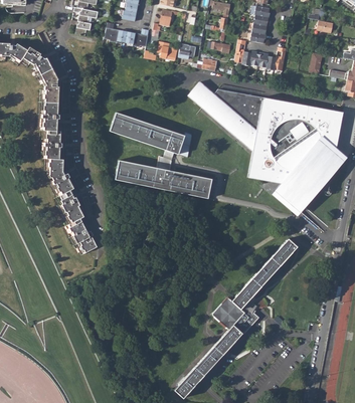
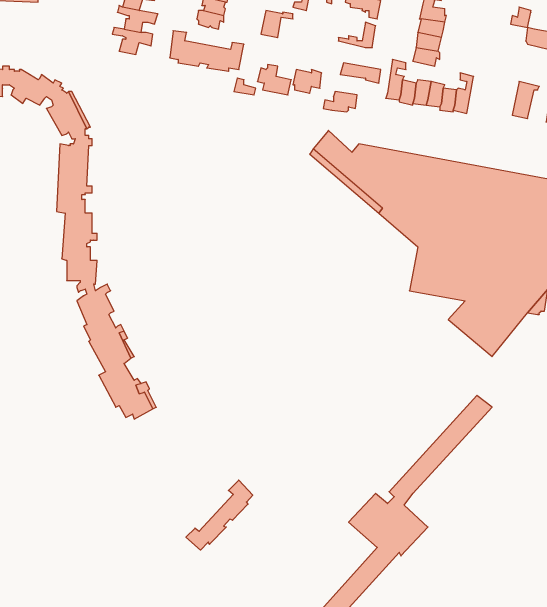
building: [110,113,212,198] -> none
building: none -> [186,480,253,550]

